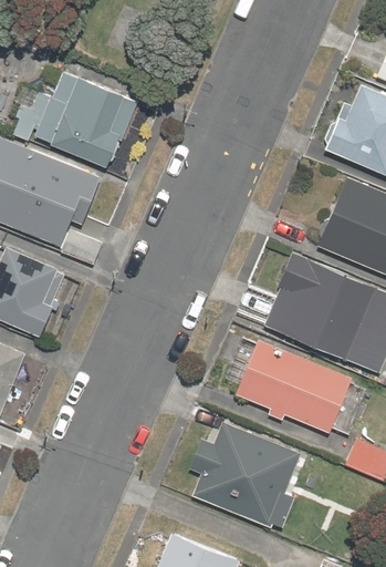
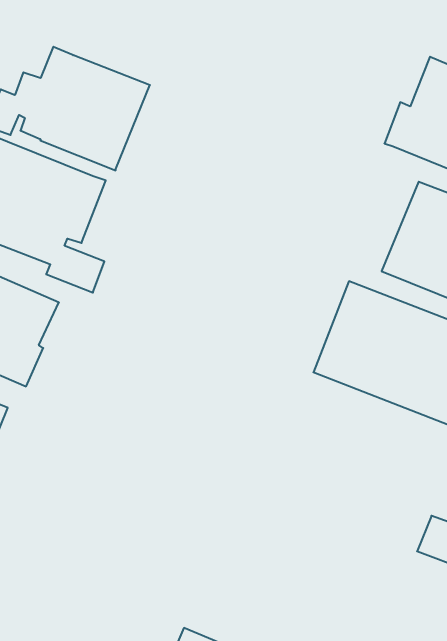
building: [236,340,353,434] -> none
building: [185,419,296,525] -> none

